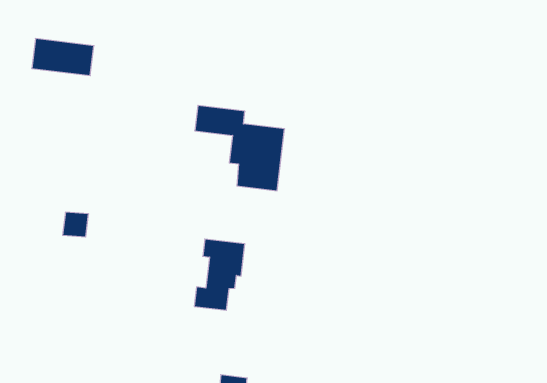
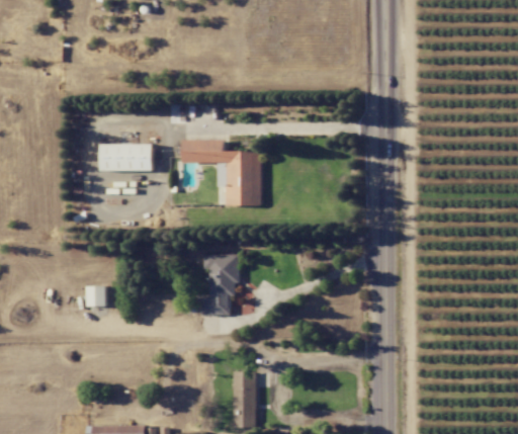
building: [32,39,94,76] -> [101,144,153,170]
building: [63,212,89,237] -> [86,285,106,307]

